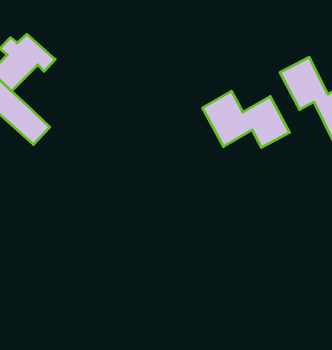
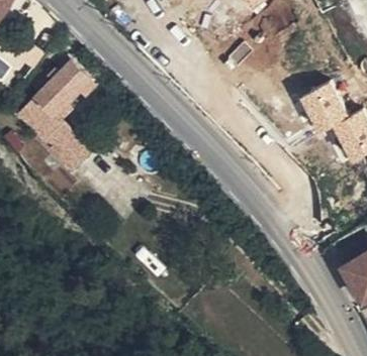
building: [203,91,290,148] -> none

